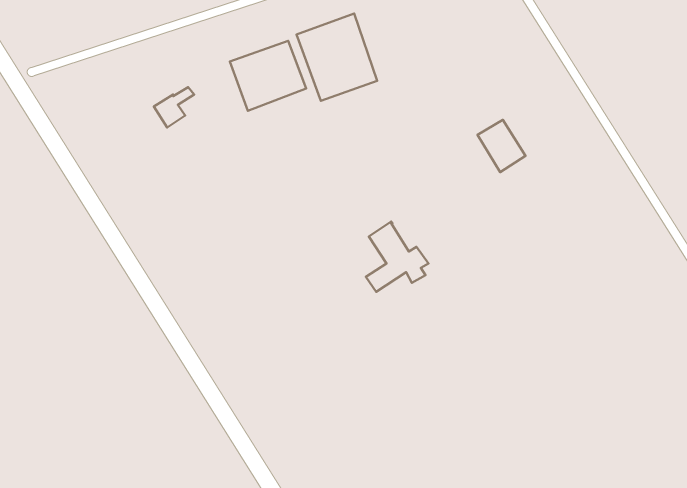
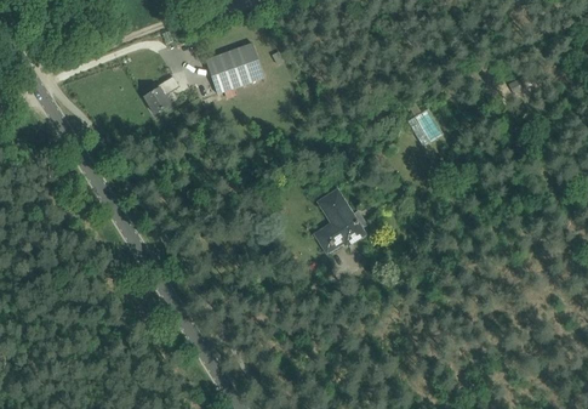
building: [296,14,377,101] -> none

